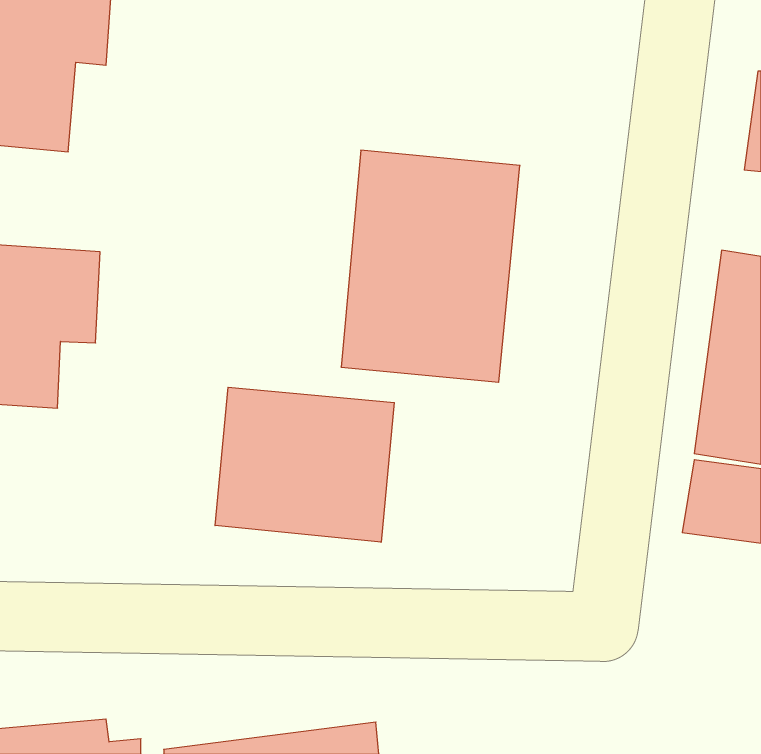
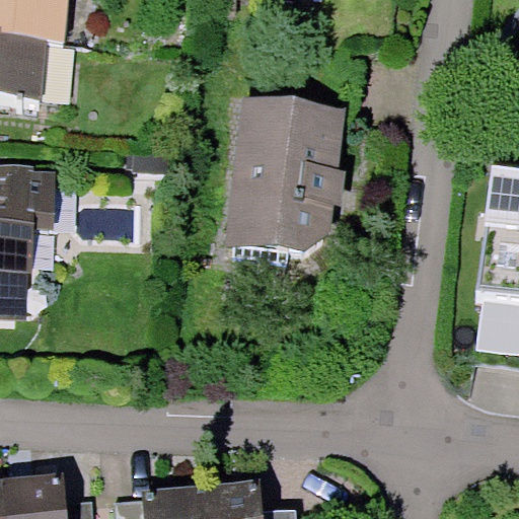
building: [215,387,394,542] -> none

